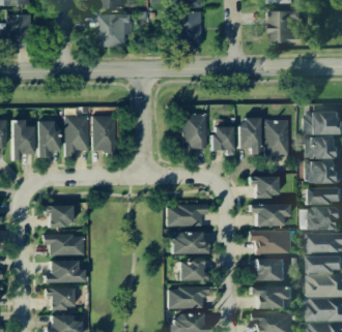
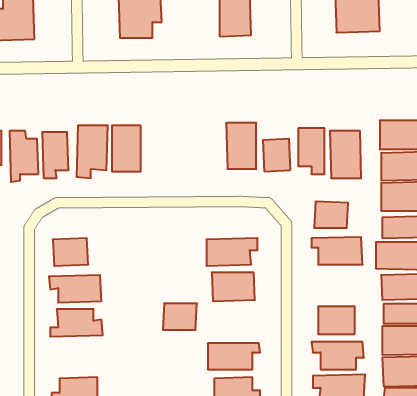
building: [249,230,291,253] -> none
building: [178,260,205,280] -> [163,303,197,330]
building: [45,288,74,309] -> none

